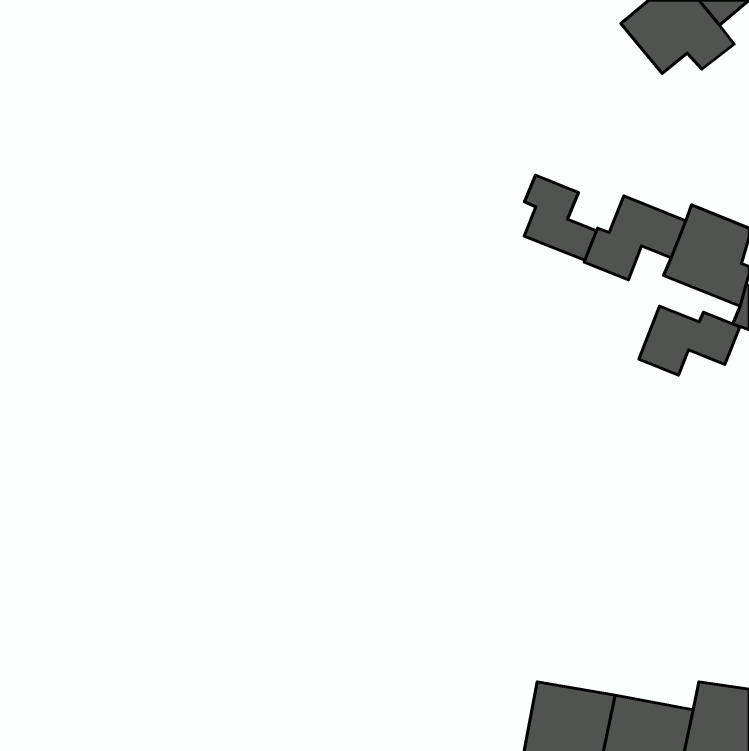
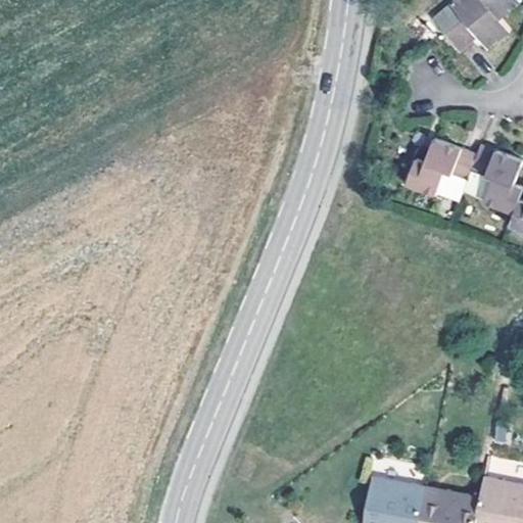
building: [524,175,596,260] -> none
building: [639,306,740,375] -> none

